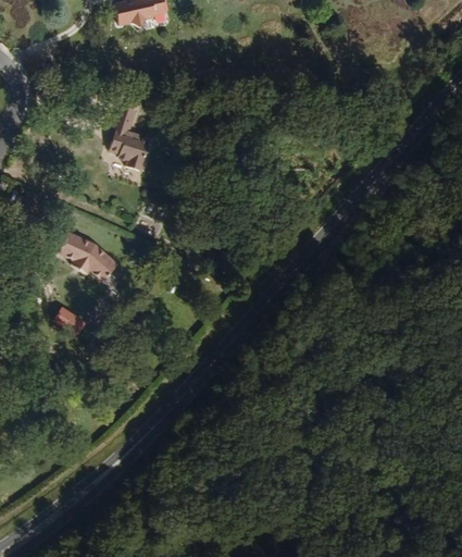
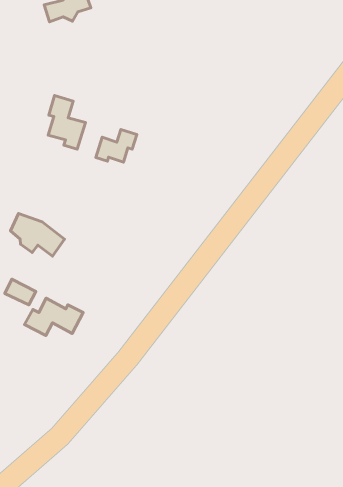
building: none -> [96,130,137,162]
building: none -> [25,298,83,335]

